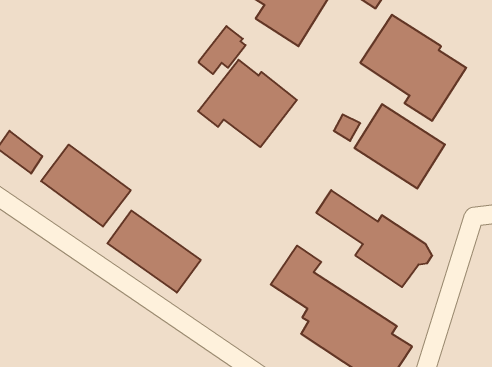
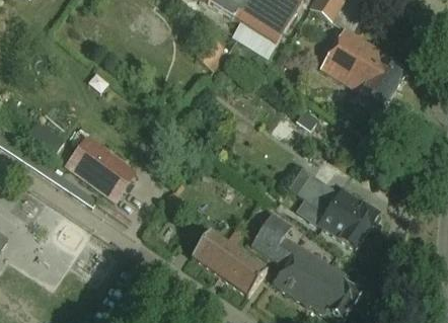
building: [198,60,297,147] -> none
building: [355,104,445,189] -> none
building: [107,211,201,293] -> [190,230,265,296]

